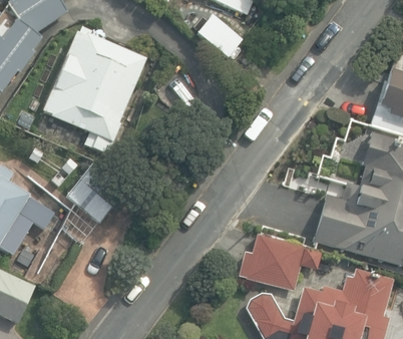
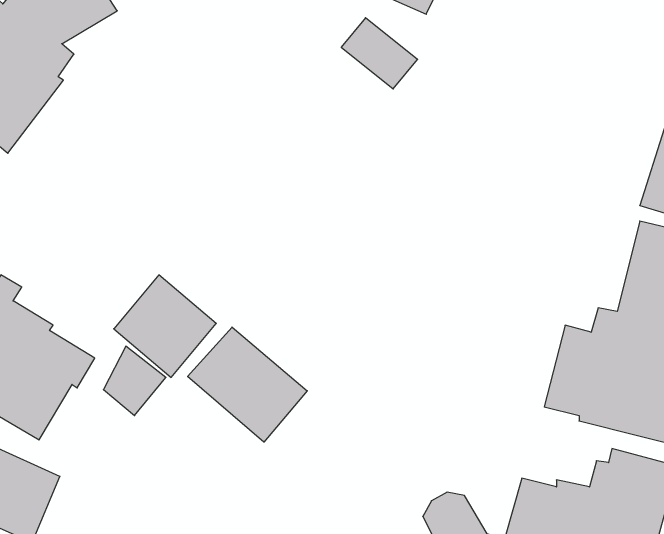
building: [43,26,145,149] -> none
building: none -> [188,327,307,442]
building: [237,231,319,285] -> none

